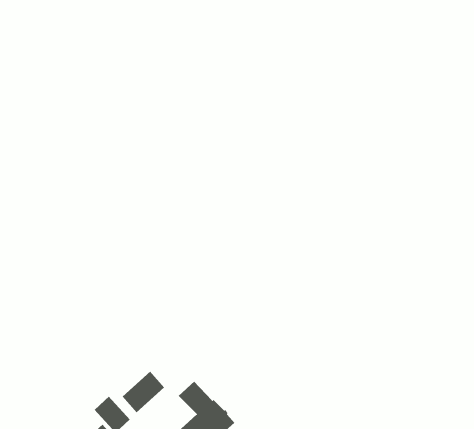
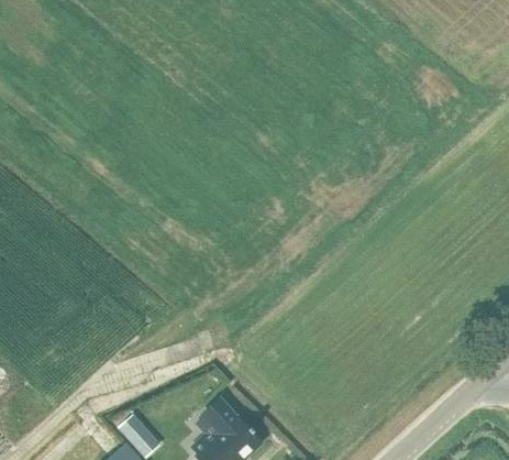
building: [122,371,165,413] -> none

